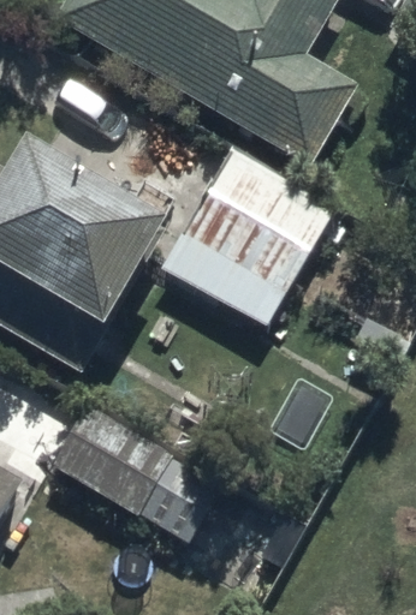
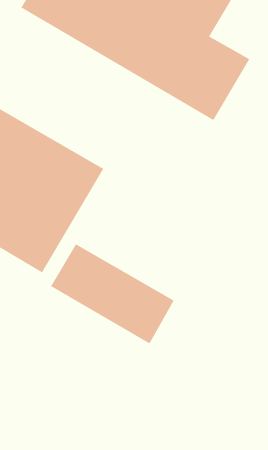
building: [162,145,334,323] -> none
building: [50,404,215,537] -> [50,243,174,344]

